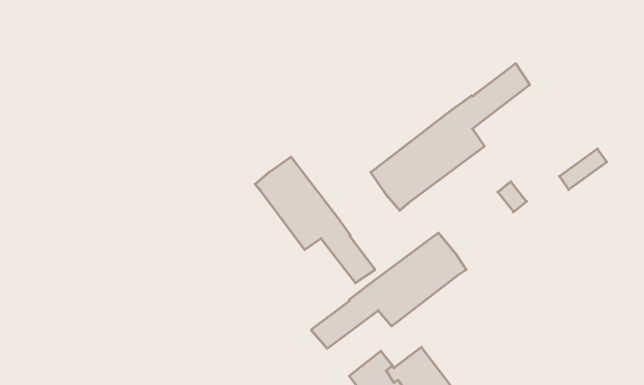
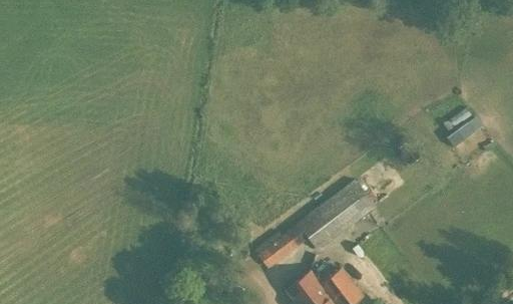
building: [371,64,530,210] -> none
building: [255,157,375,283] -> none

